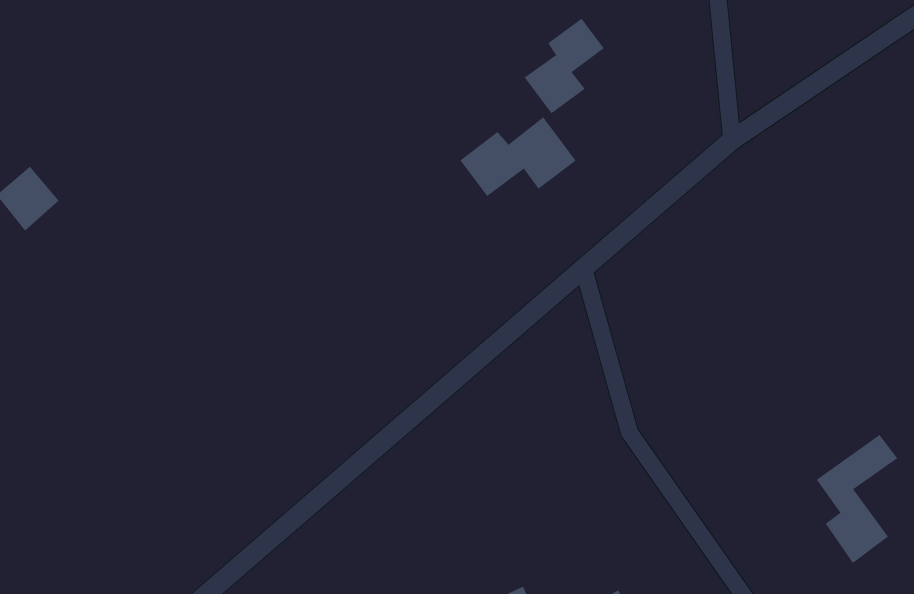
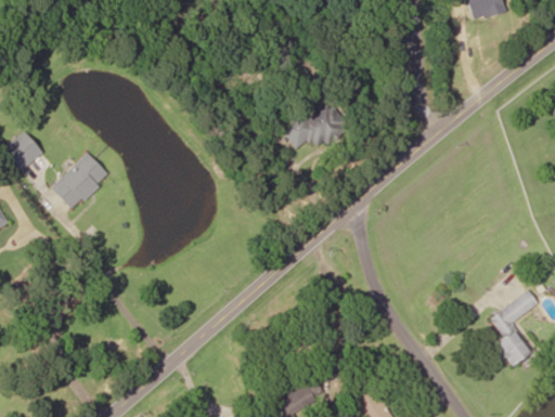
building: [524,18,605,114] -> none
building: none -> [51,153,108,210]

